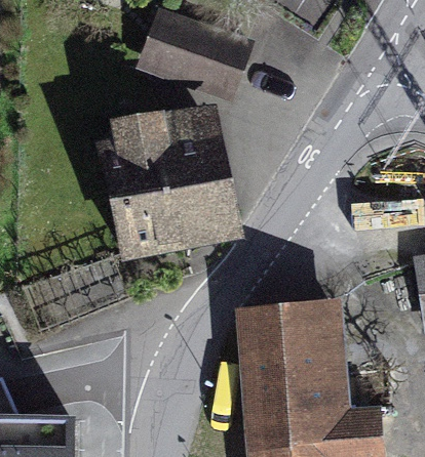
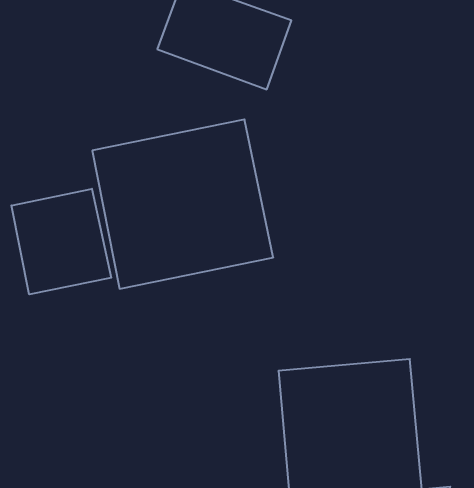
building: none -> [11,189,111,294]

